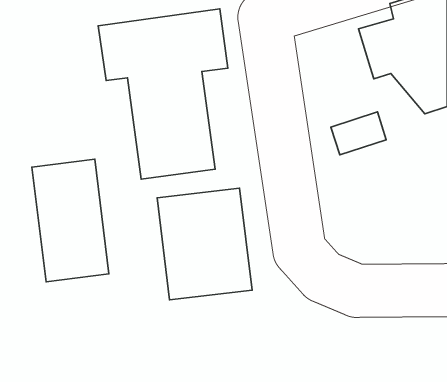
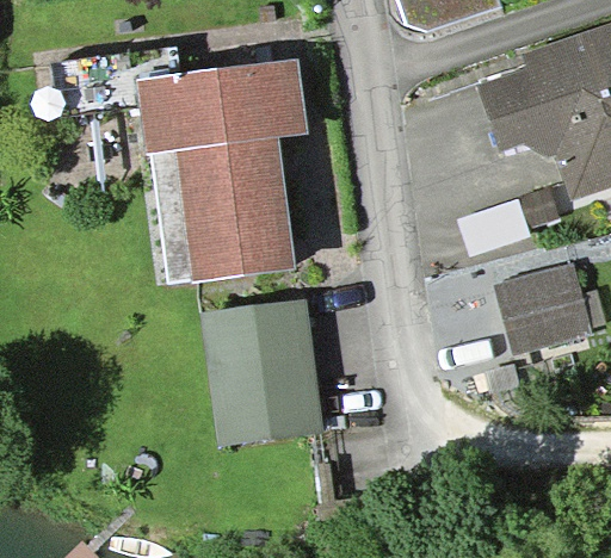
building: [32,159,109,282] -> none
building: none -> [481,264,580,347]

